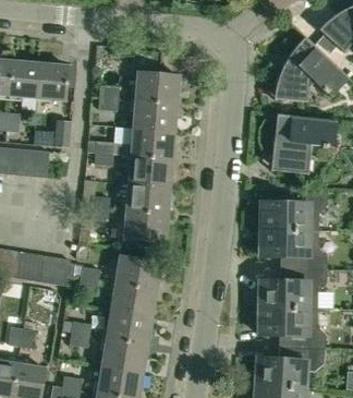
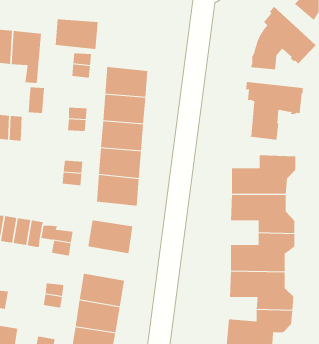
building: [134,72,179,104] -> [55,19,98,50]
building: [110,284,157,318] -> none

